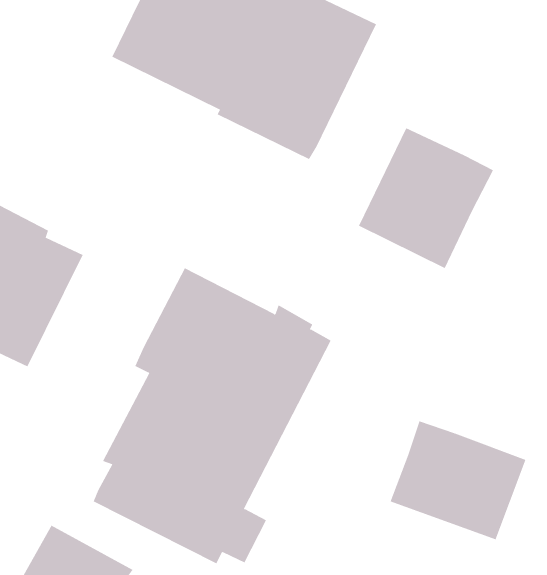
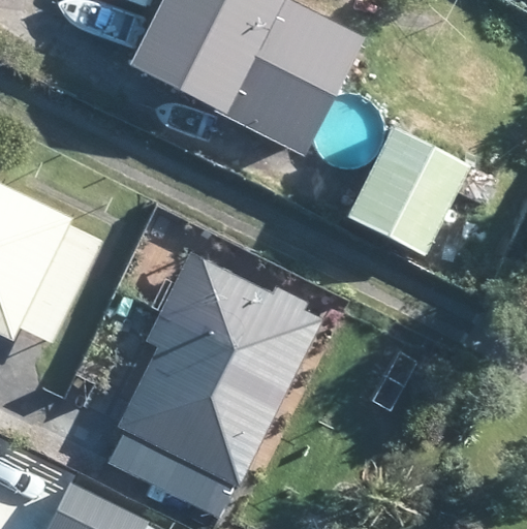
building: [390,421,526,540] -> none

